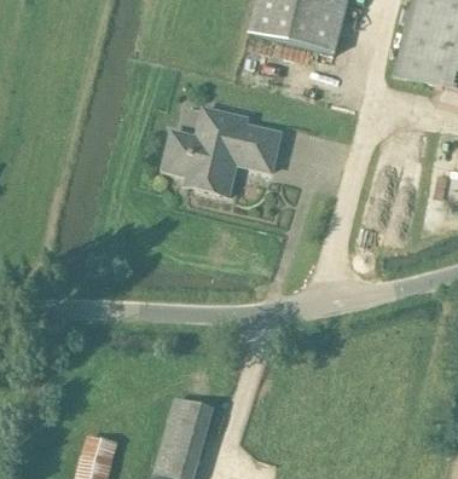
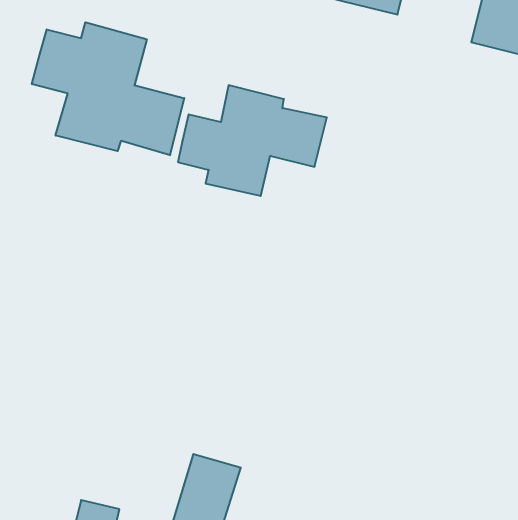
building: none -> [32,22,184,155]

